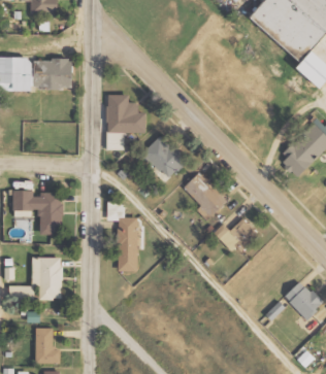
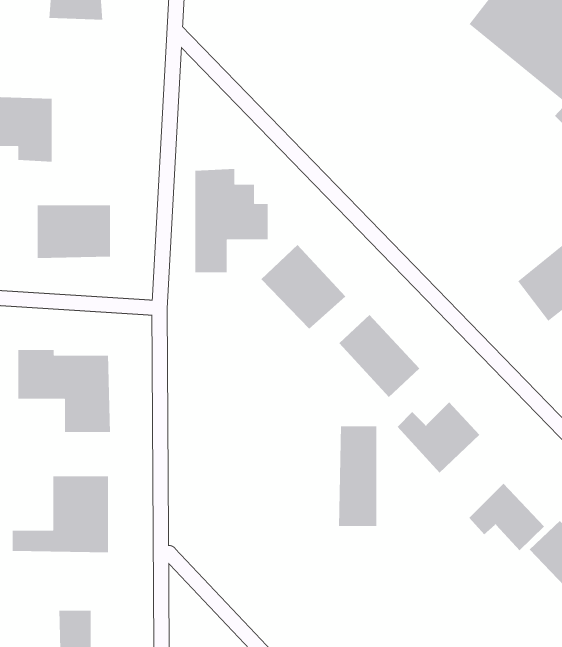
building: [34,59,73,88] -> [37,205,111,259]
building: [118,216,138,270] -> [338,426,377,527]
building: none -> [468,483,545,551]

